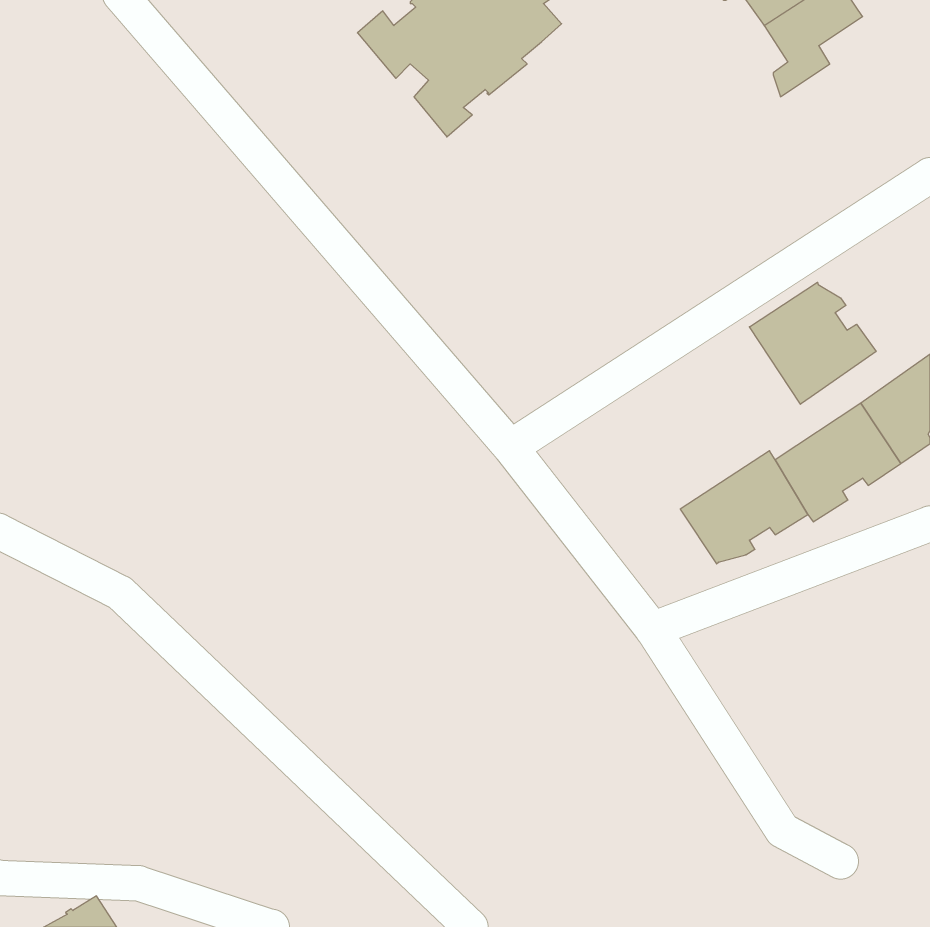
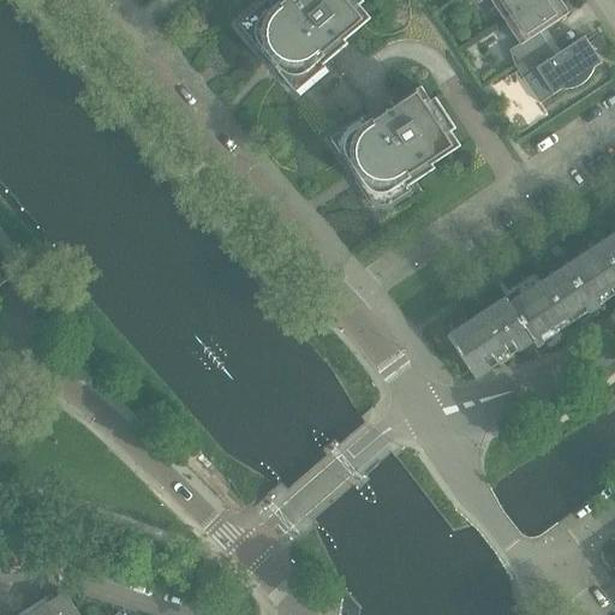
building: none -> [514,34,601,91]
building: none -> [329,84,460,205]
building: [749,282,876,404] -> none

